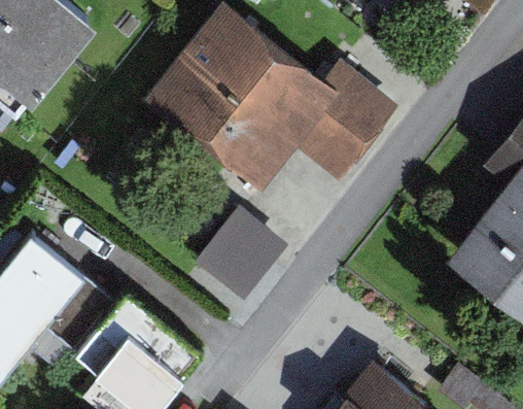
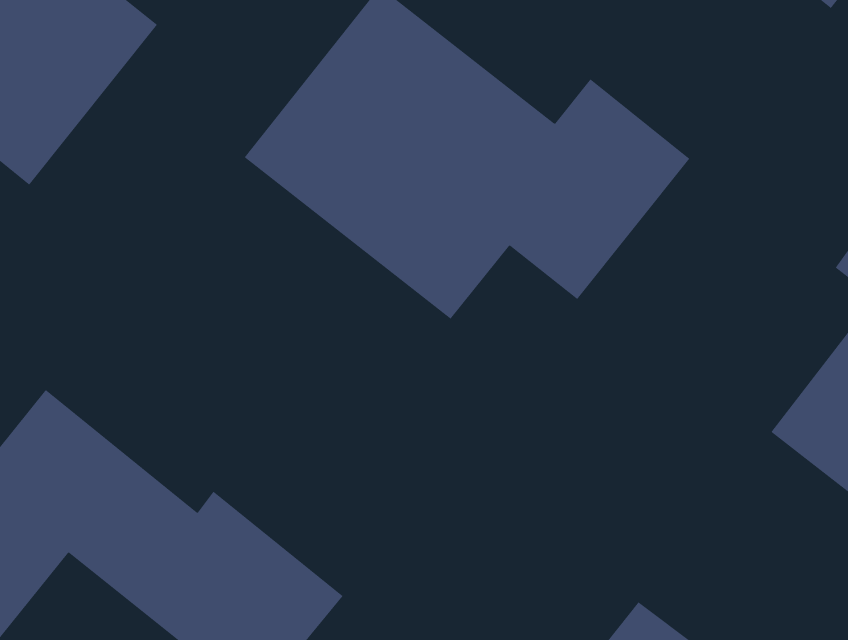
building: [185,203,276,296] -> none

